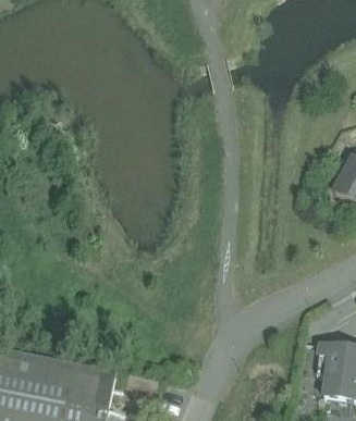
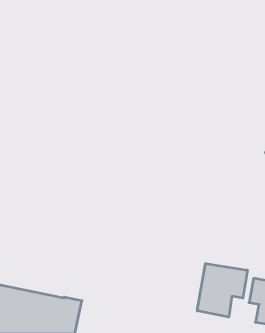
building: none -> [197,264,247,317]

